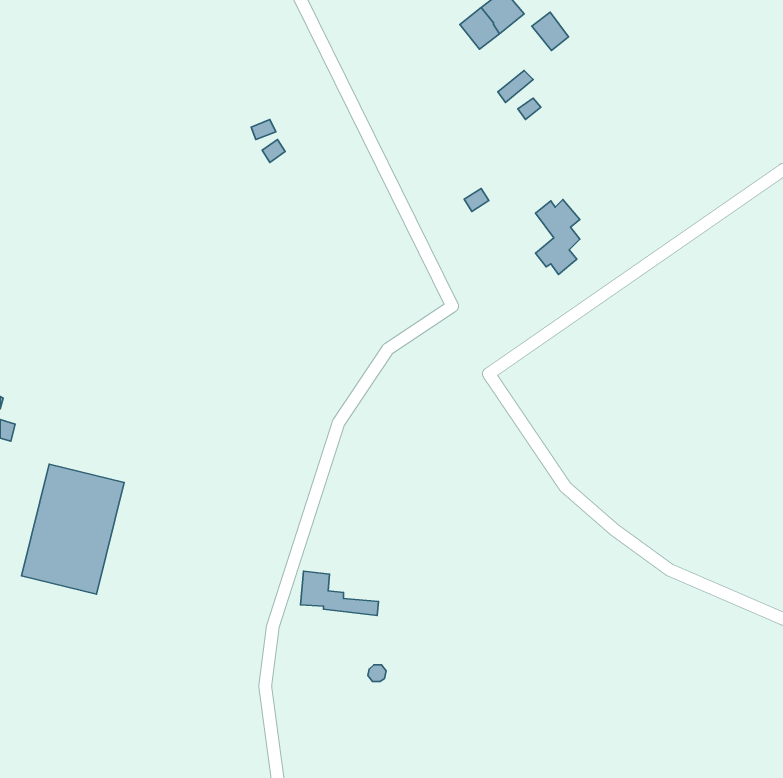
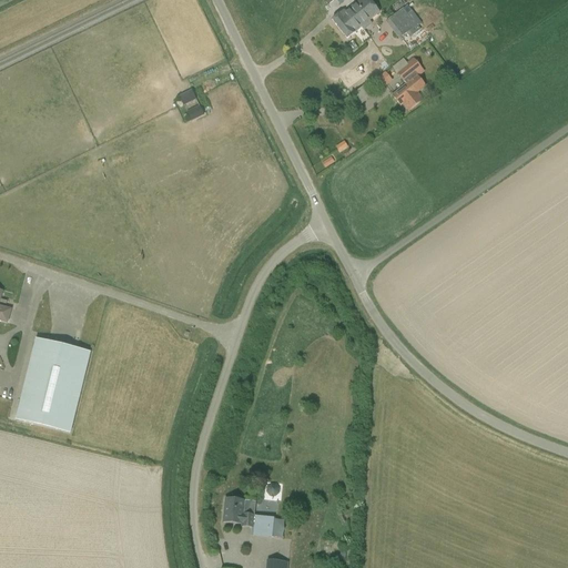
building: [535,199,580,274] -> [393,54,425,109]
building: [300,571,379,615] -> [224,496,281,528]

